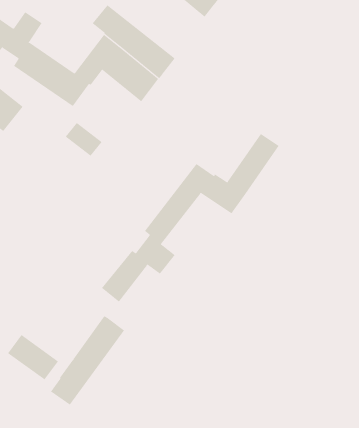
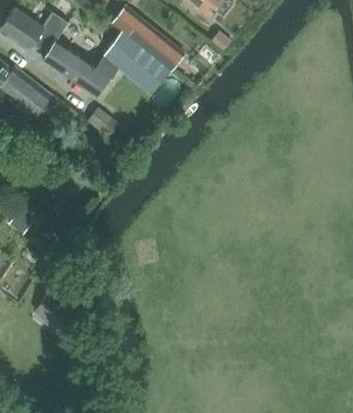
building: [101,133,279,302] -> none
building: [50,315,125,406] -> none

